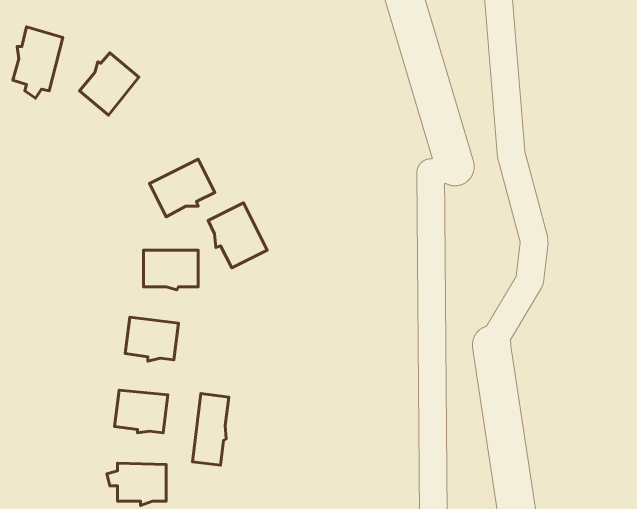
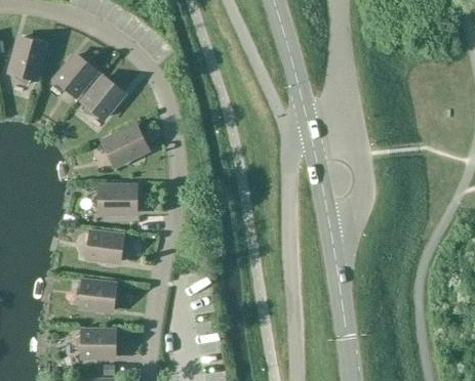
building: none -> [82,76,122,117]
building: [208,203,267,268] -> none
building: [193,394,229,465] -> none

